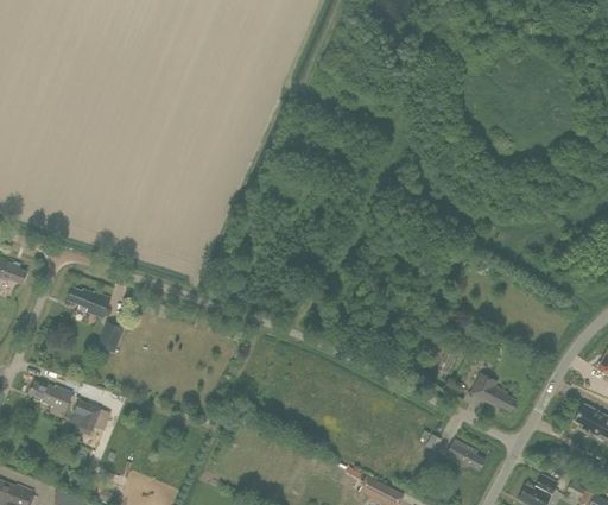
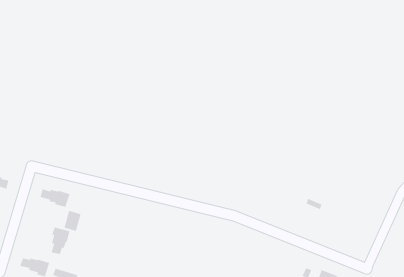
building: none -> [50,226,71,255]
building: [469,373,517,411] -> none

